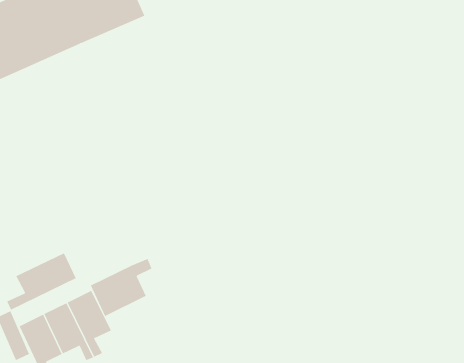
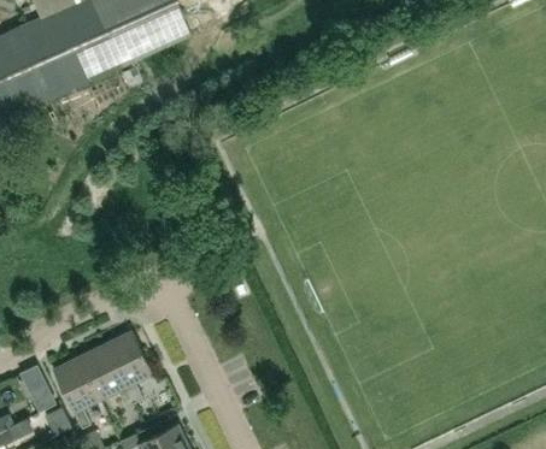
building: [6,252,76,310] -> none
building: [90,258,152,317] -> none

